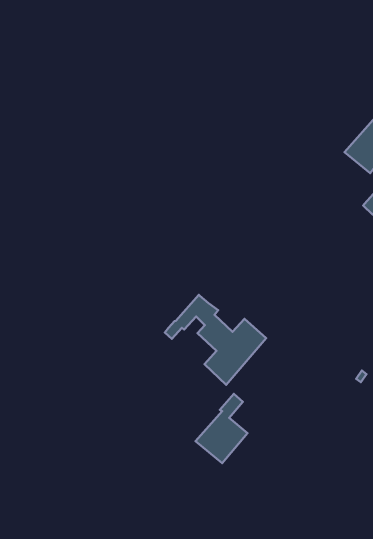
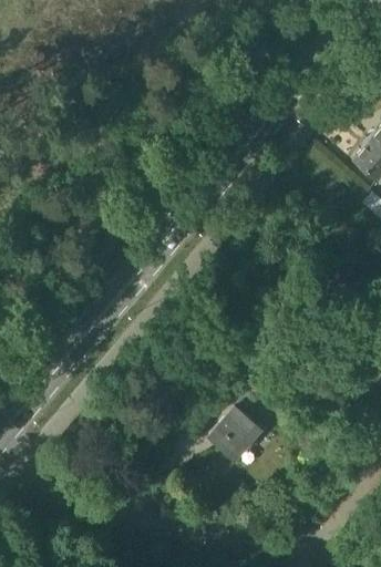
building: [165,295,266,385] -> none

